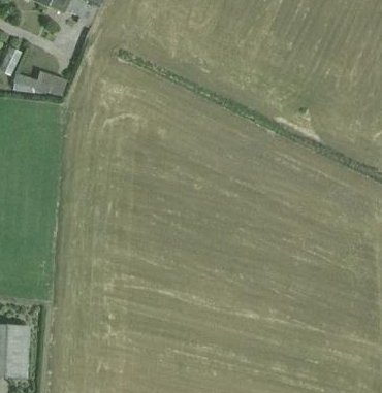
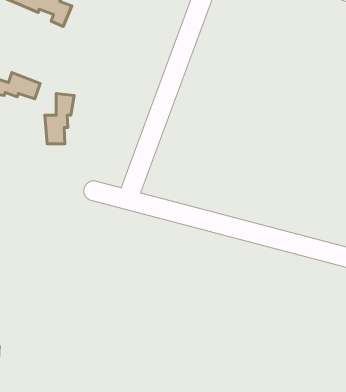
building: none -> [45,93,74,144]

